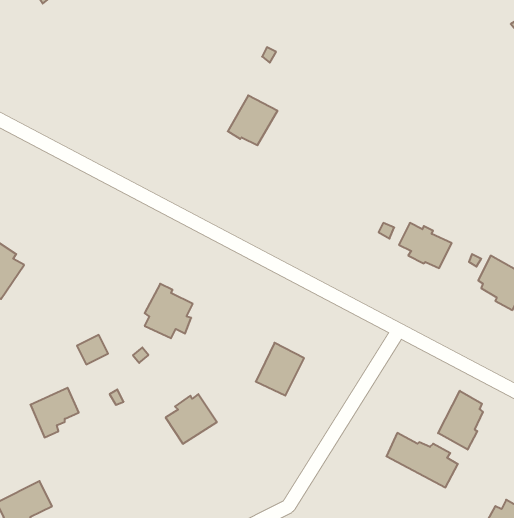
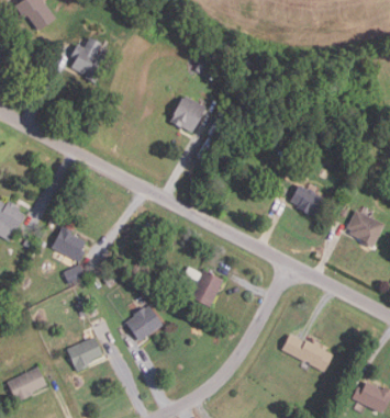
building: none -> [70,37,108,83]
building: [145,284,193,338] -> [51,227,85,266]
building: [30,388,79,437] -> [67,338,101,373]
building: [438,391,483,450] -> none

